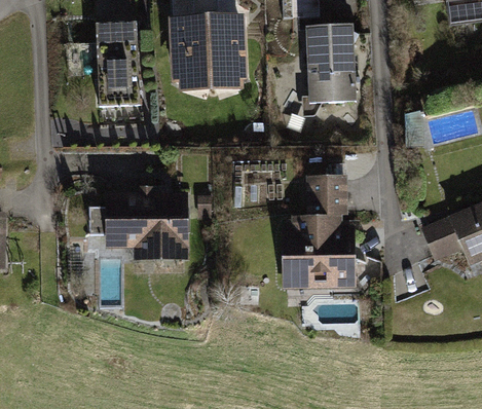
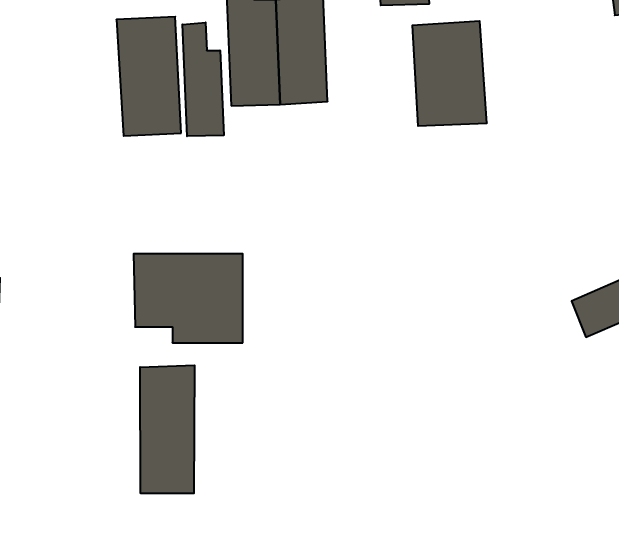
building: none -> [182,22,224,136]
building: [283,177,351,285] -> none
building: none -> [140,365,195,493]

